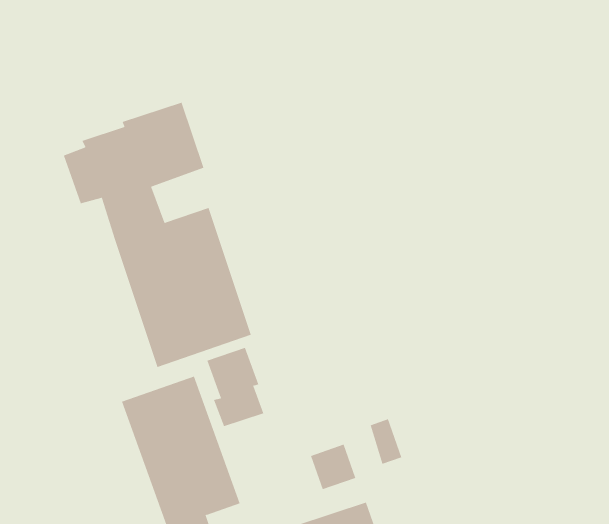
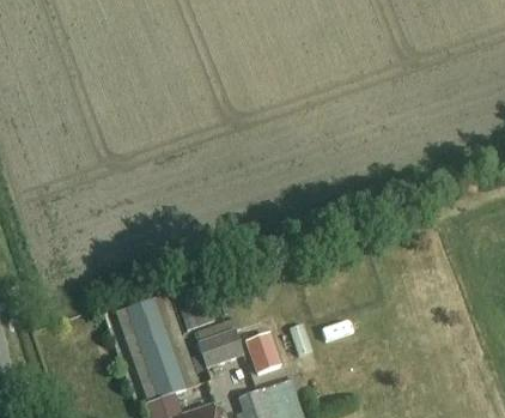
building: [63,102,252,368] -> none
building: none -> [197,326,244,366]

